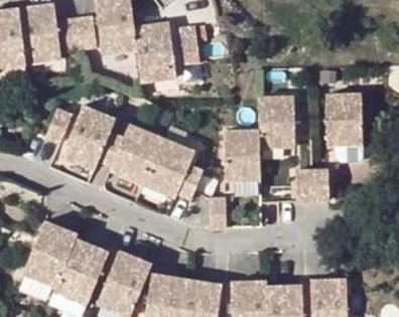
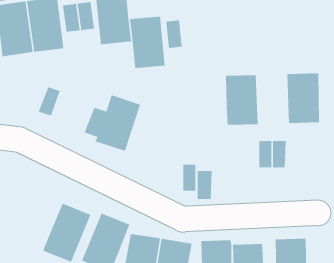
building: [62,105,115,168] -> none
building: [144,130,204,194] -> none
building: [221,132,257,188] -> none
building: [21,221,76,288] -> none

